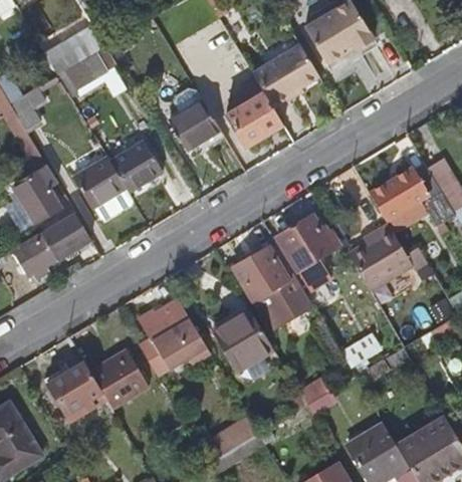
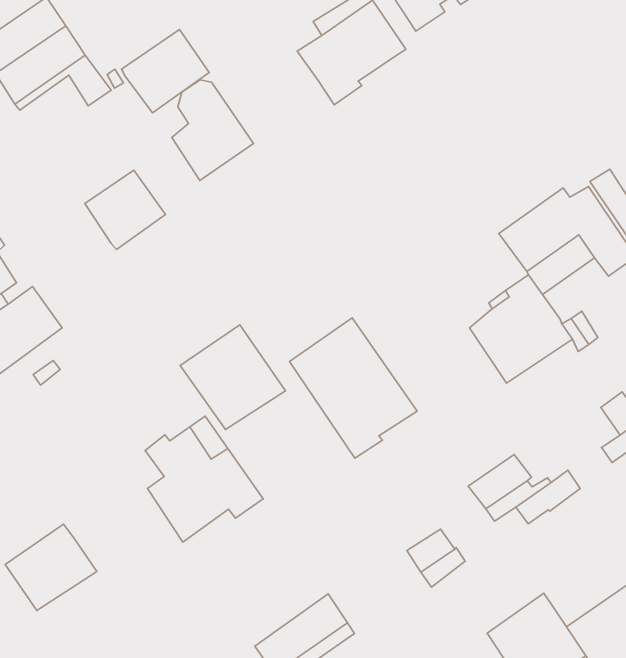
building: none -> [121,30,209,113]
building: [225,92,281,147] -> none
building: [72,158,126,208] -> none
building: [276,215,331,271] -> none
building: [209,307,274,373] -> [180,325,285,430]
building: [90,348,149,409] -> none

